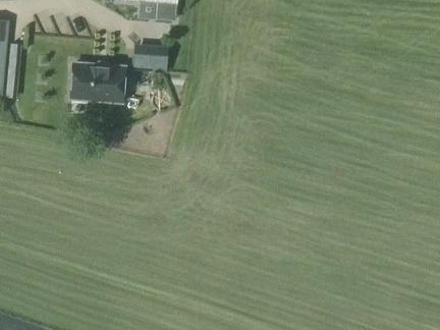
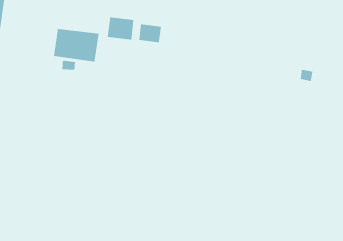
building: none -> [139,23,162,43]

